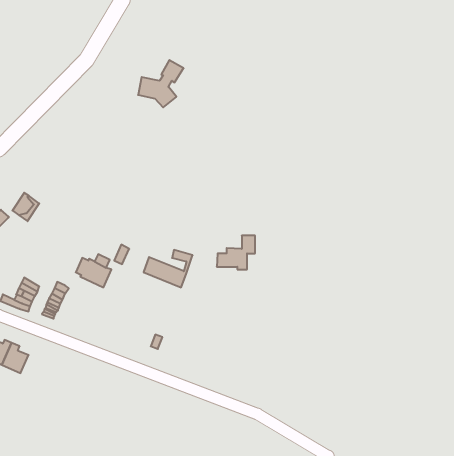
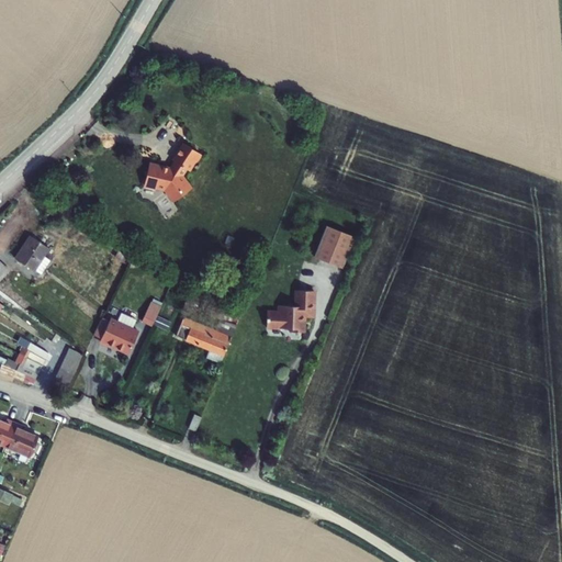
building: [138,60,184,107] -> [142,143,198,201]
building: none -> [313,225,352,268]

